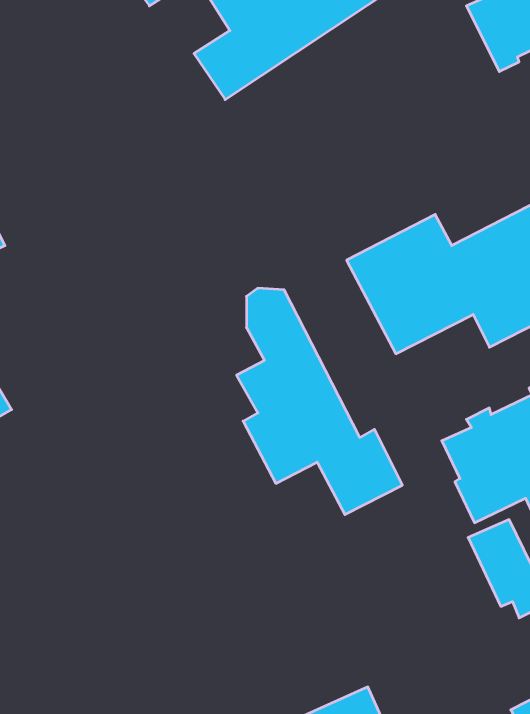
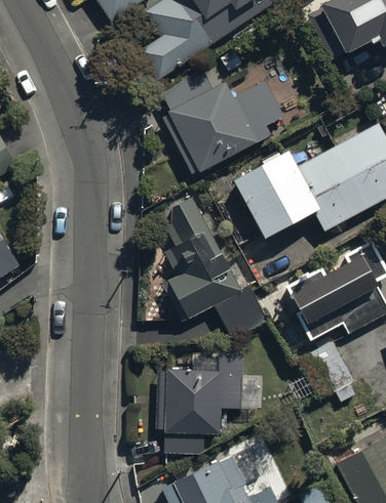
building: none -> [162,81,283,172]
building: none -> [157,351,244,432]

